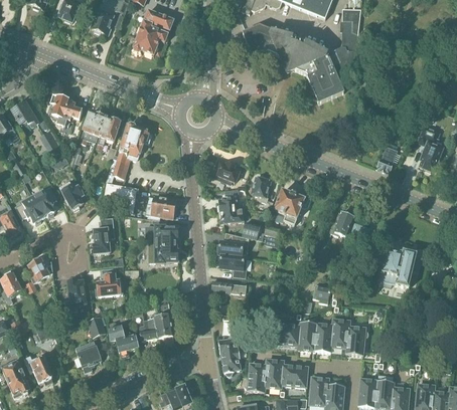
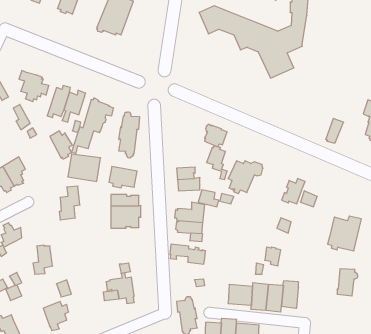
building: none -> [119,112,139,158]
building: [216,159,241,183] -> [205,124,227,147]
building: [59,180,84,210] -> [50,131,72,159]
building: [95,267,123,295] -> none
building: [109,326,138,358] -> none
building: [346,326,368,355] -> [337,269,358,296]

